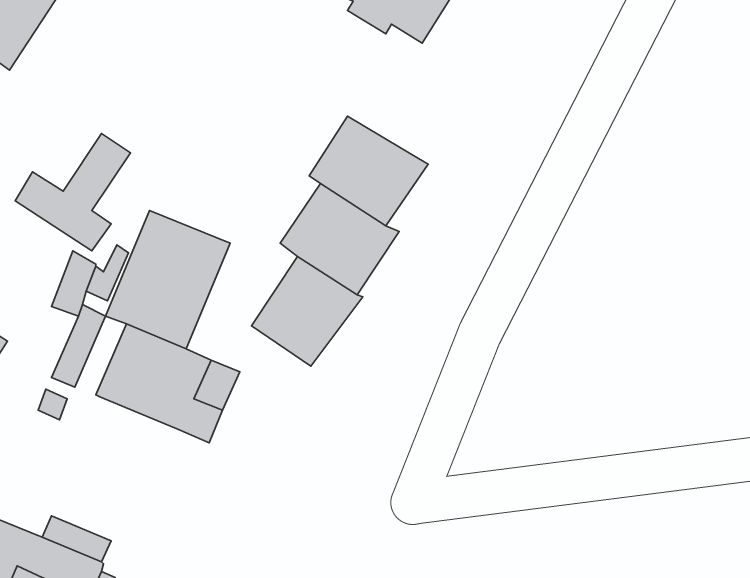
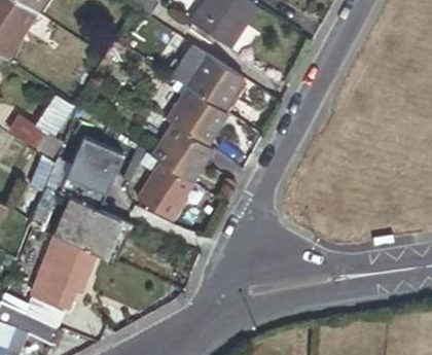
building: none -> [175,46,246,109]
building: none -> [32,237,98,308]

